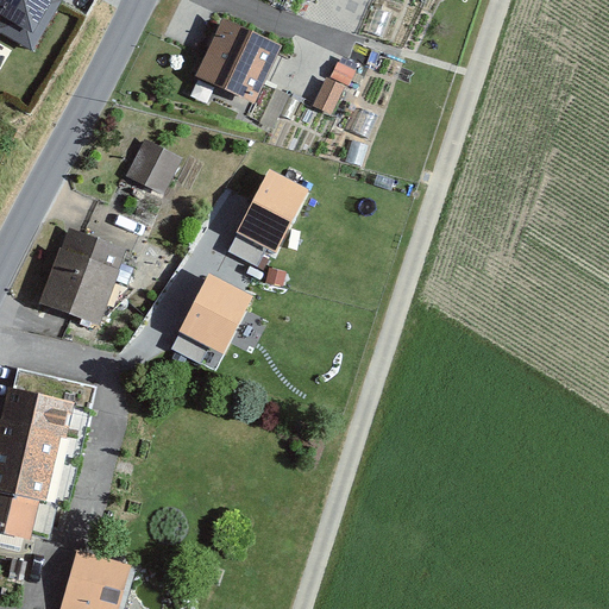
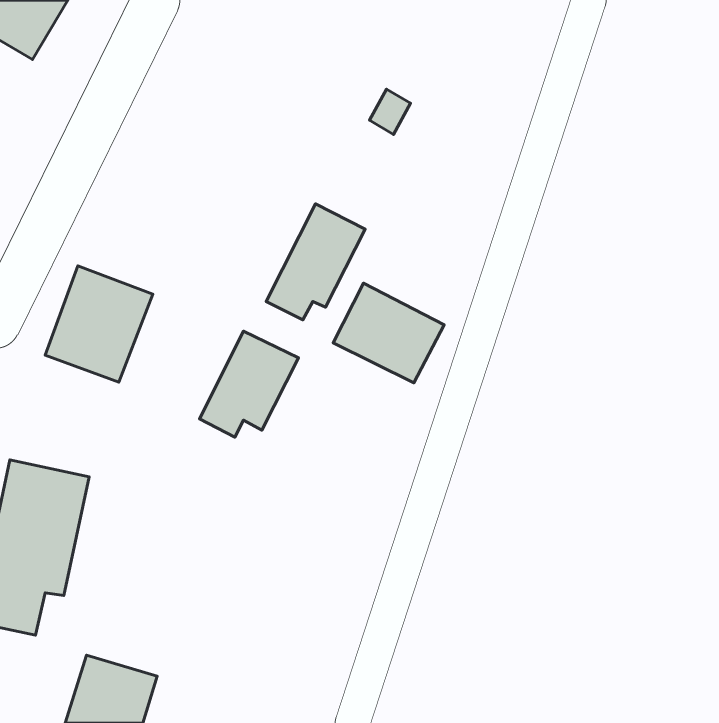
building: [197,19,282,100] -> none
building: [125,137,178,190] -> none
building: none -> [333,283,444,383]

